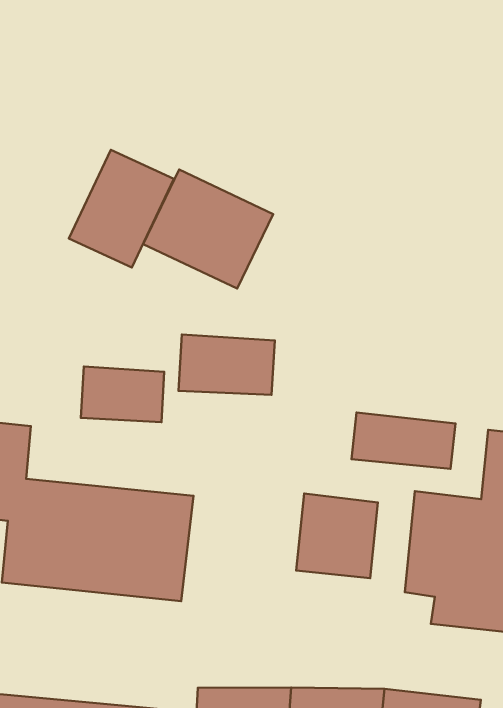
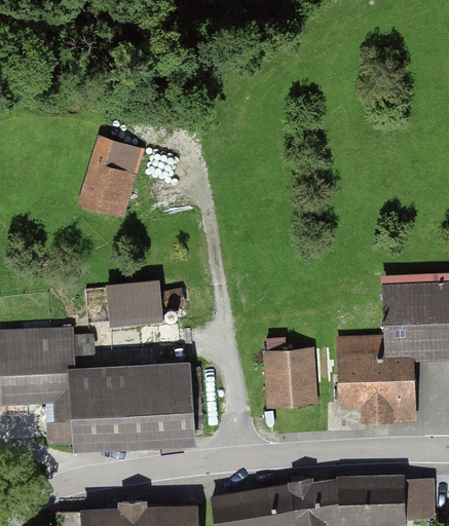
building: [143,170,273,289] -> none
building: [179,335,275,395] -> none
building: [351,412,456,469] -> none

